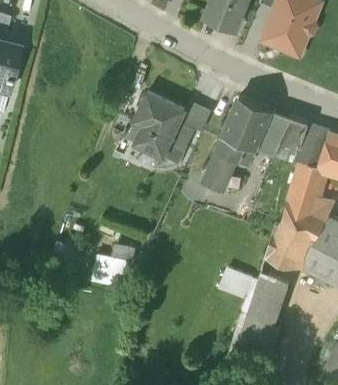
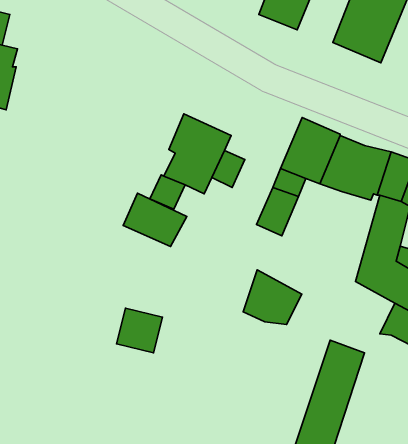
building: [178,103,211,135] -> none
building: none -> [123,193,187,247]
building: [266,226,312,269] -> [243,270,302,325]

